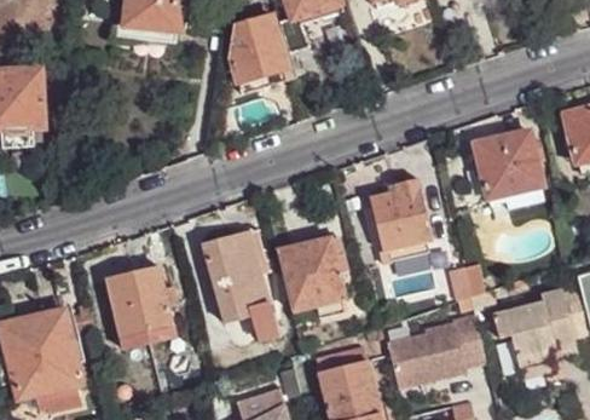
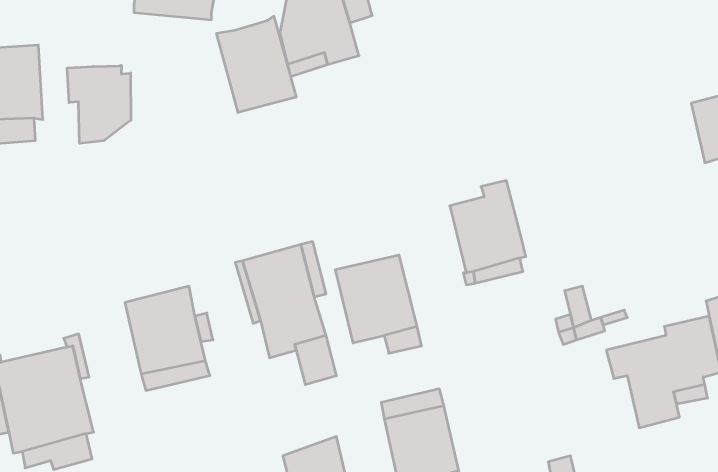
building: none -> [217,16,296,113]
building: none -> [67,65,131,143]
building: [478,130,545,207] -> none
building: [386,315,487,390] -> none

